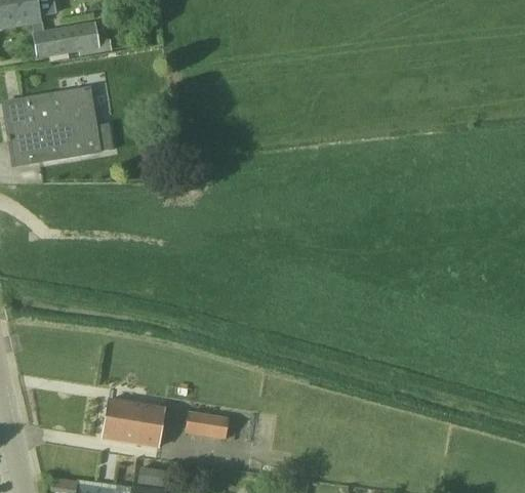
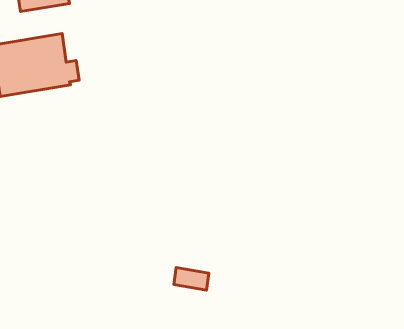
building: [103,398,165,447] -> none
building: [186,410,230,439] -> [174,267,209,290]

